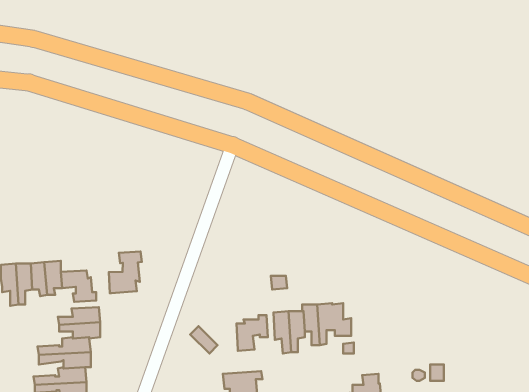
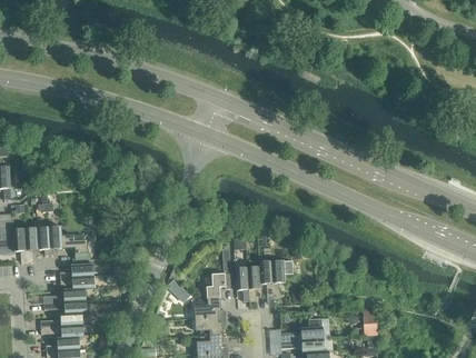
building: [109,251,142,293] -> none
building: none -> [194,298,225,318]

